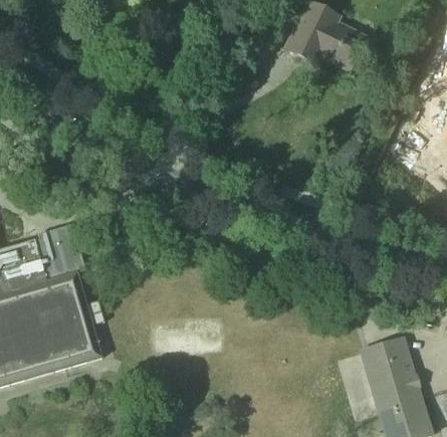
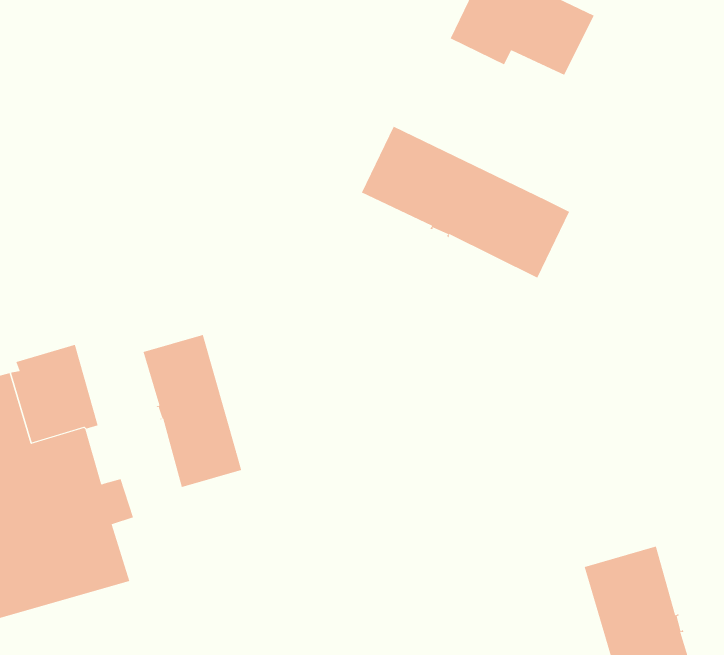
building: none -> [361,126,570,279]
building: none -> [143,334,242,488]

